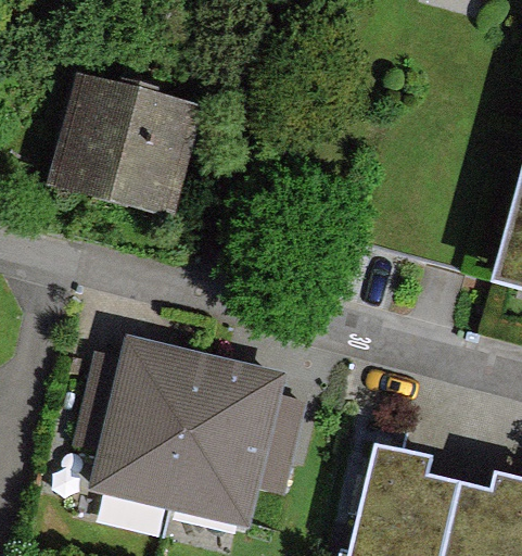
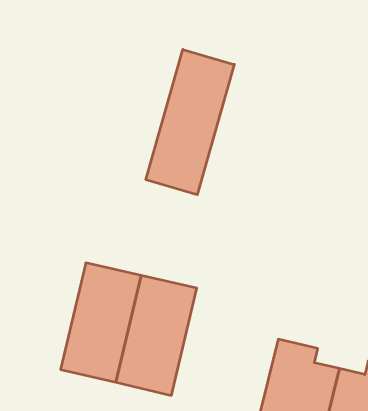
building: none -> [146,49,234,195]
building: [52,74,205,215] -> none

